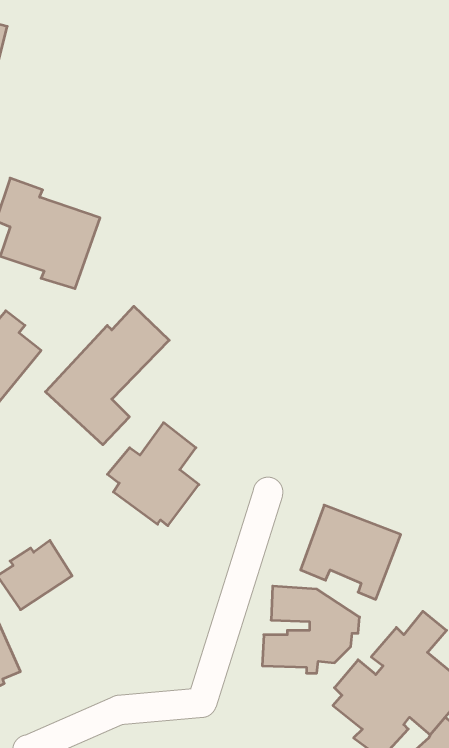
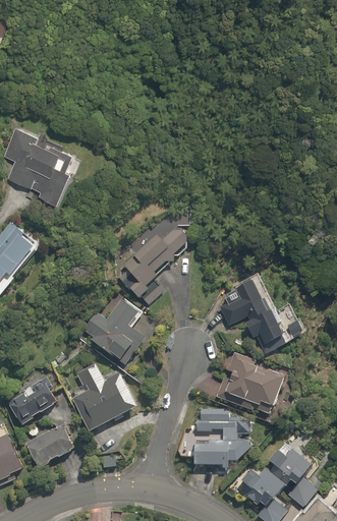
building: [45,306,169,445] -> [109,216,194,311]
building: none -> [218,268,304,355]
building: none -> [70,359,134,429]
building: none -> [20,424,72,467]

